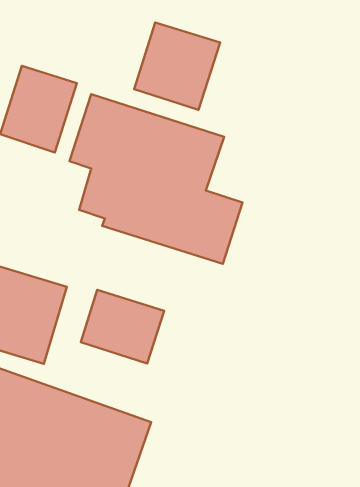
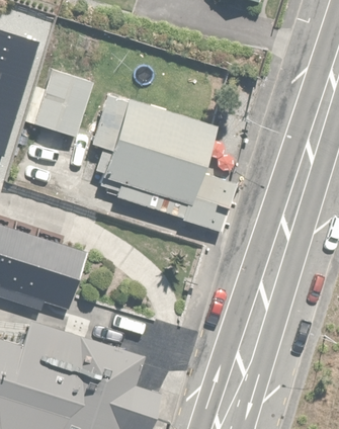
building: [134,22,220,110] -> none
building: [81,290,164,364] -> none

